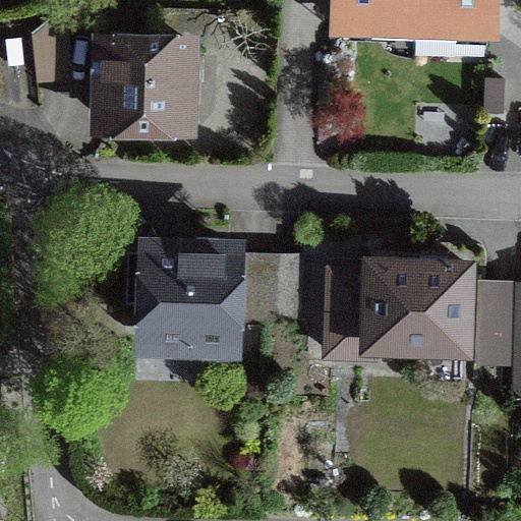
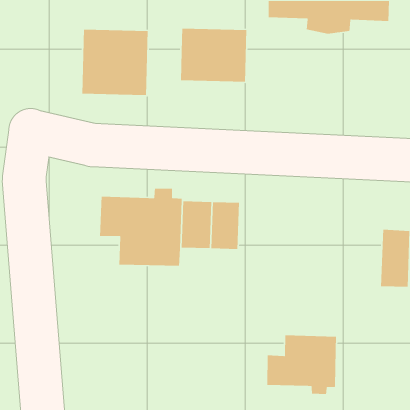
building: none -> [180,28,247,82]
building: [332,262,470,354] -> none
building: none -> [266,334,337,395]

